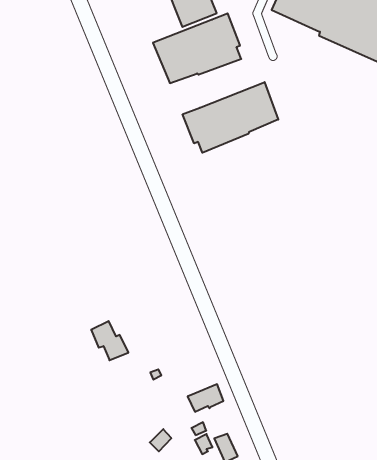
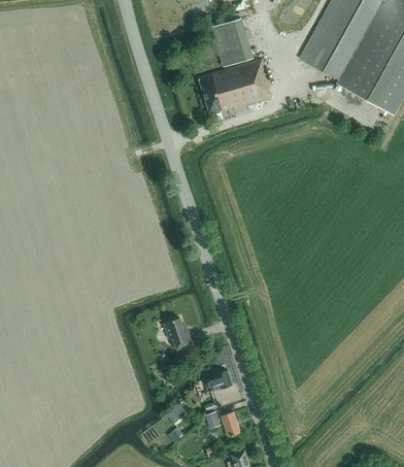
building: [183,82,278,153] -> none
building: [91,321,128,360] -> [164,318,194,351]

